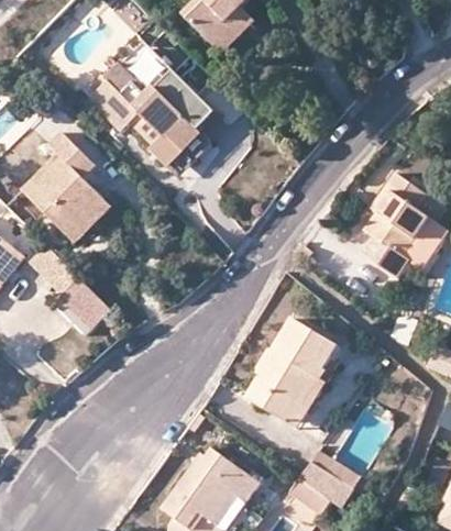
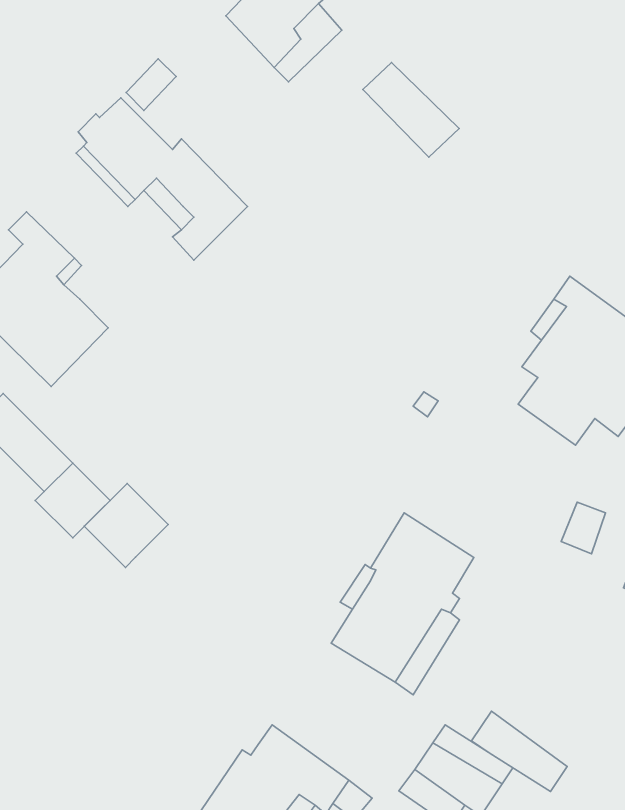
building: [155,71,215,130] -> [363,63,459,157]
building: none -> [84,483,168,567]
building: none -> [472,711,567,791]

